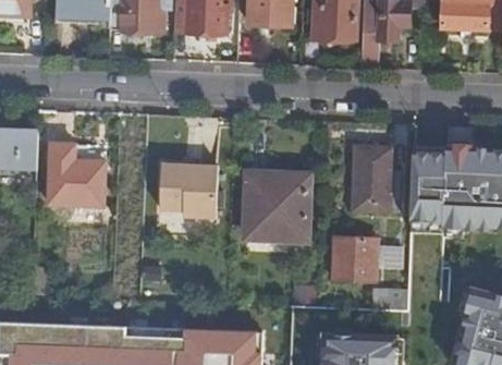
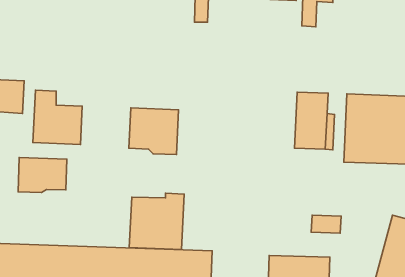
building: [245,175,309,241] -> [129,193,184,249]
building: none -> [18,157,67,193]
building: [332,238,378,282] -> none

